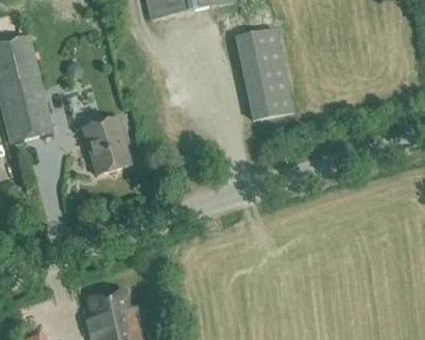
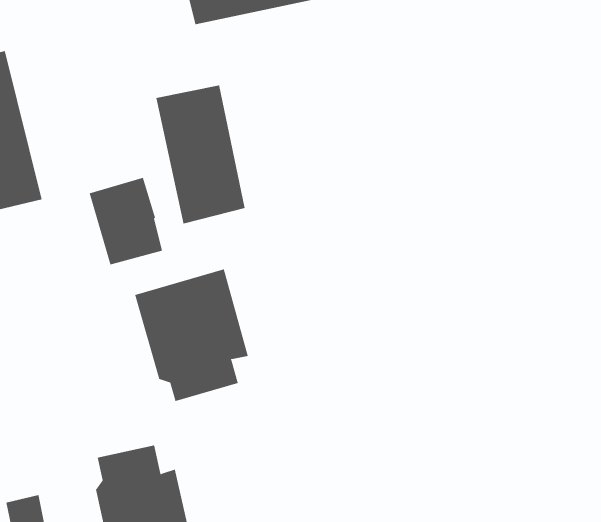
building: [234,30,292,120] -> [156,85,245,224]
building: none -> [134,268,248,402]

